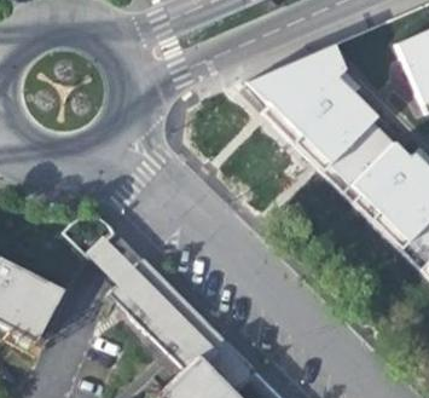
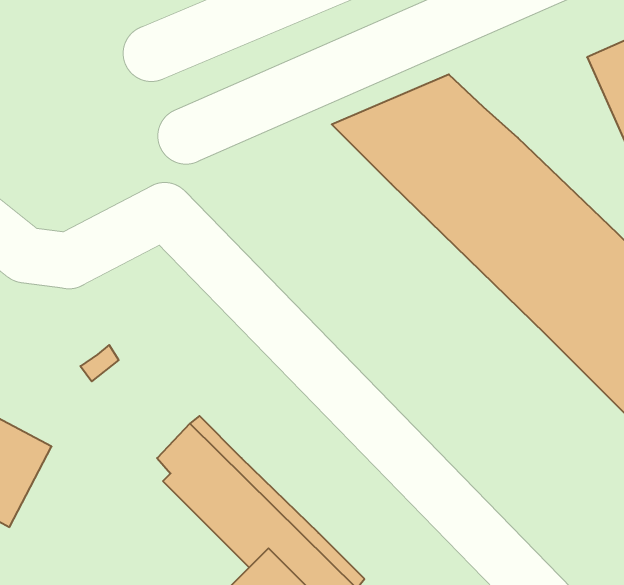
building: [87,232,153,296] -> none

